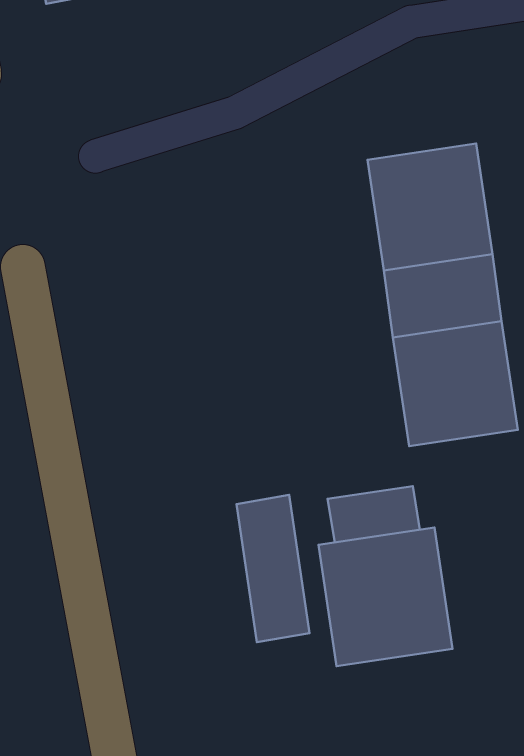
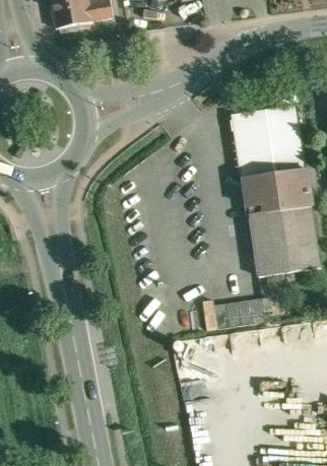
building: [236,495,310,642] -> none
building: [318,528,453,666] -> none

